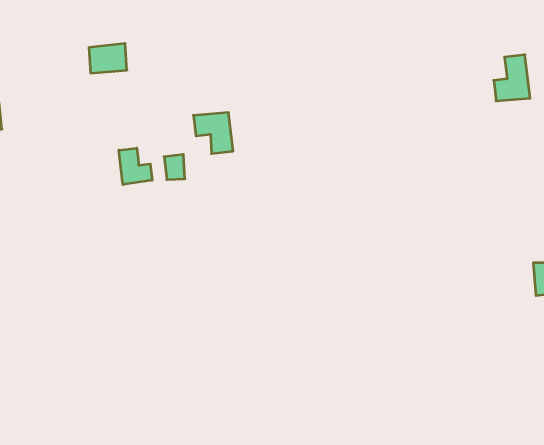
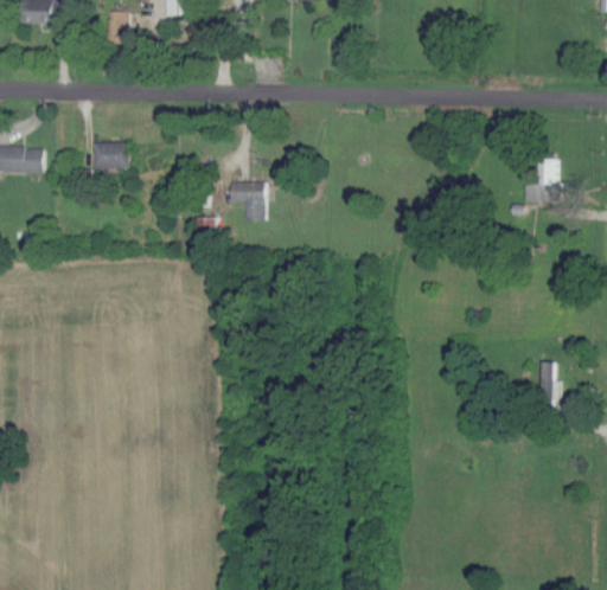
building: [89,43,127,73] -> [91,142,128,168]
building: [119,148,152,185] -> none

